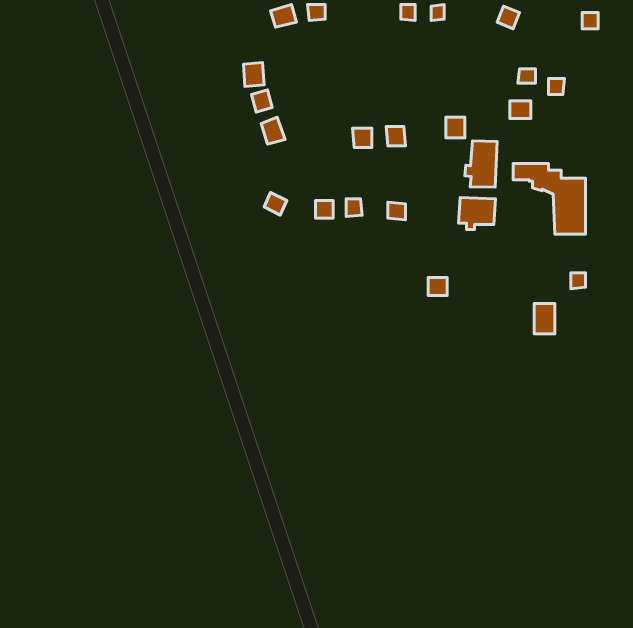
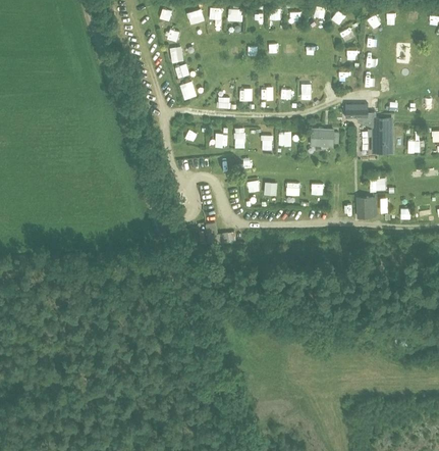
building: [465,141,497,187] -> none

